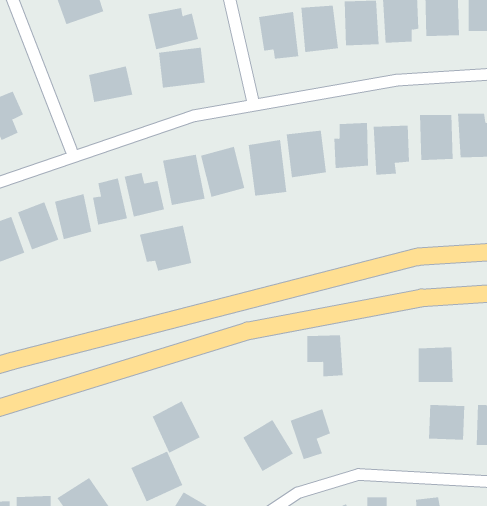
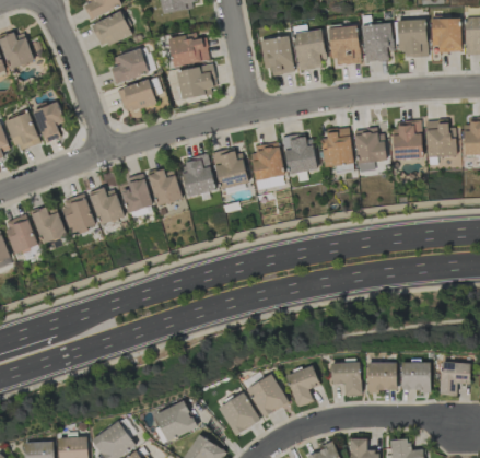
building: none -> [109,49,149,83]
building: [139,225,192,272] -> none
building: [307,335,343,377] -> [331,362,362,397]
building: [418,347,453,383] -> [367,362,397,391]
building: [152,401,201,453] -> [219,392,259,436]

